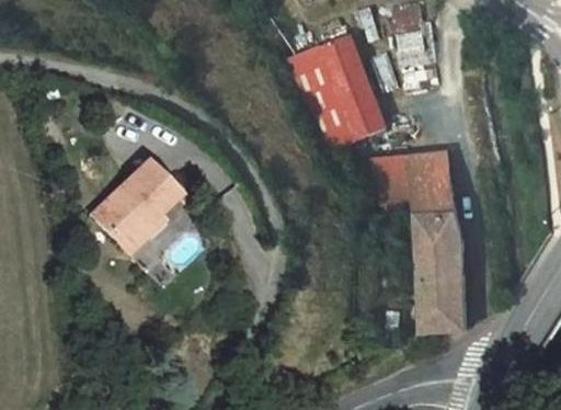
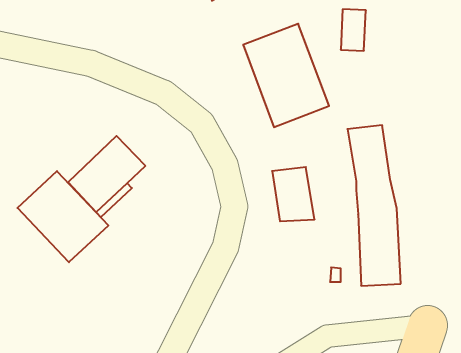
building: [367,153,415,215] -> [272,167,315,221]
building: none -> [17,171,108,262]

